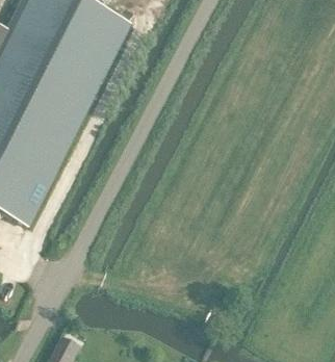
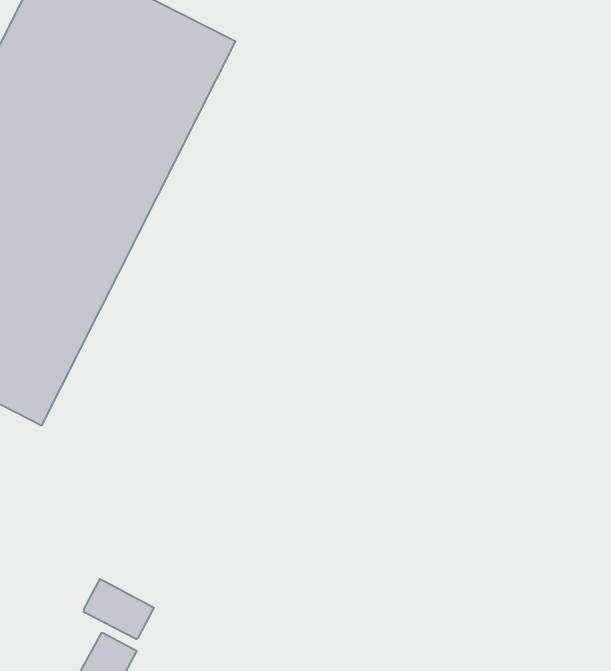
building: none -> [83,579,154,639]

